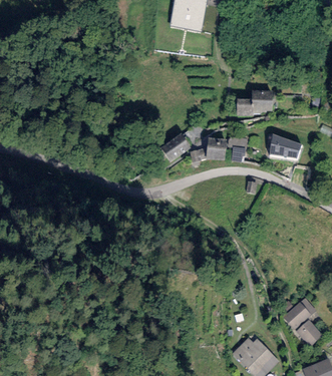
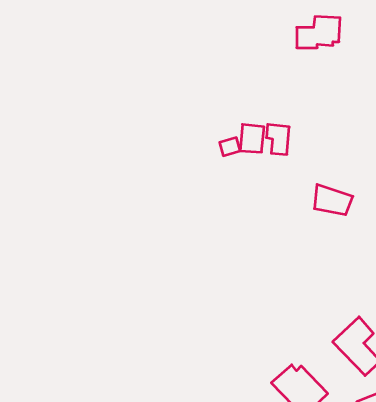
building: [237,89,273,115] -> [297,17,340,48]
building: [160,132,191,161] -> none
building: [270,133,302,158] -> [314,184,353,215]

